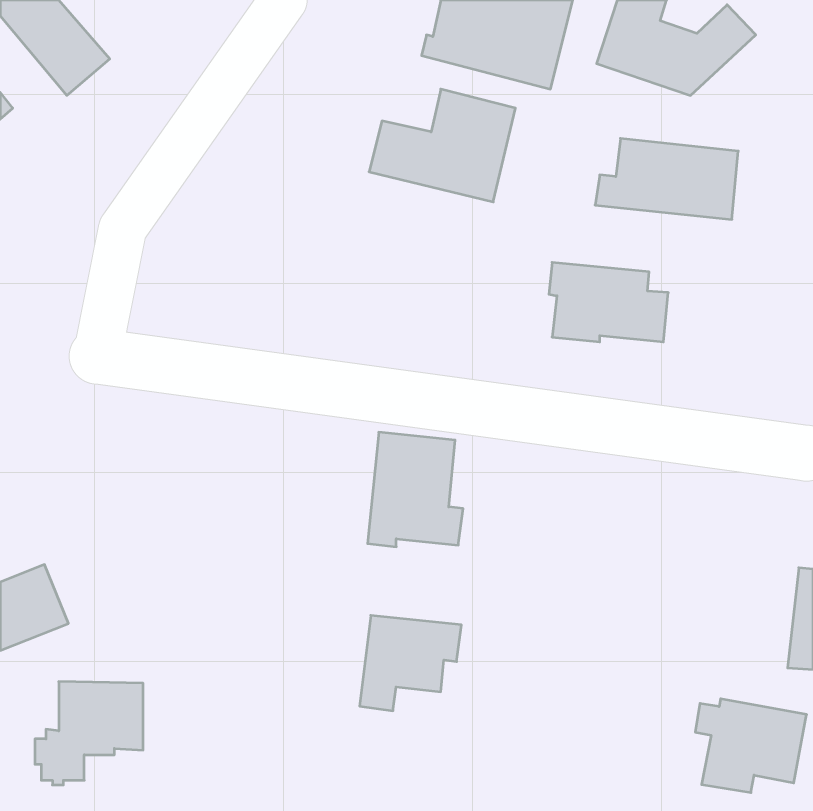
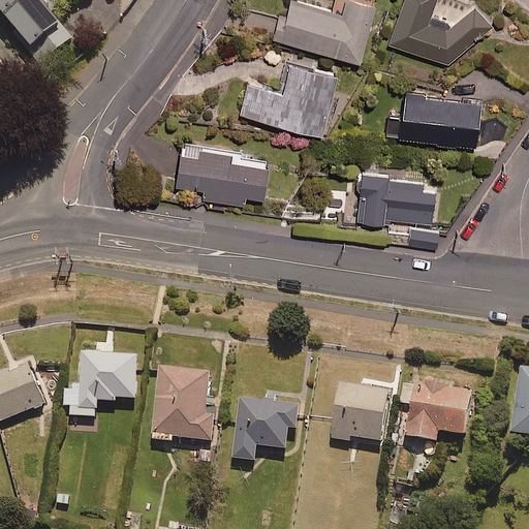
building: none -> [175,142,266,201]
building: [368,432,463,547] -> [153,369,215,443]
building: none -> [333,386,388,446]
building: [35,682,143,785] -> [65,355,135,423]
building: [695,699,807,793] -> [401,382,473,443]

